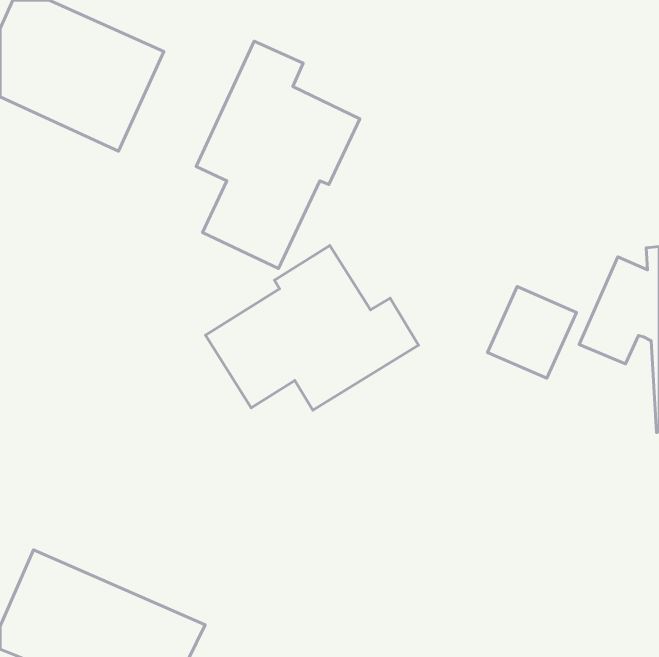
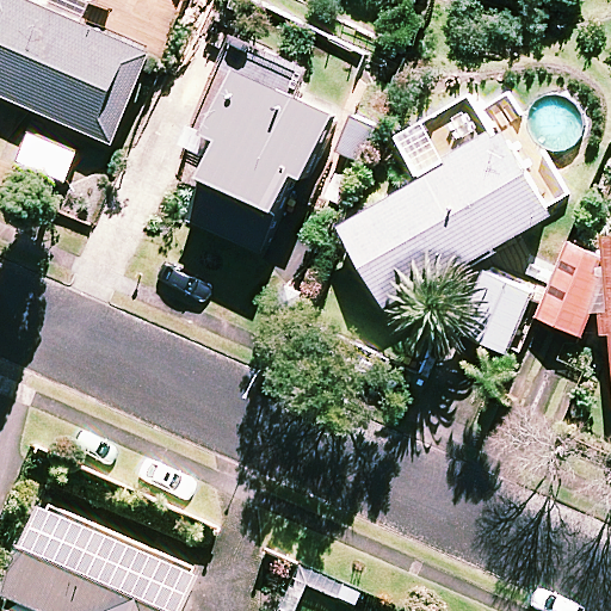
building: none -> [339,95,549,308]
building: [206,246,418,410] -> none

